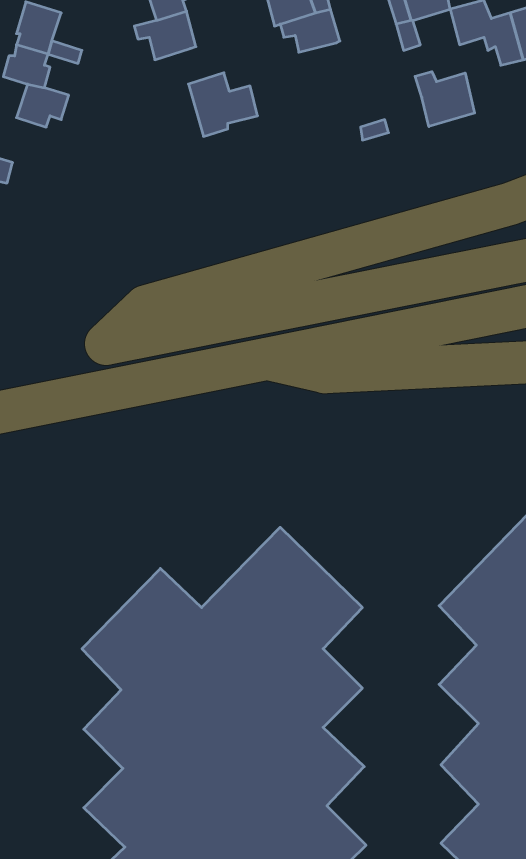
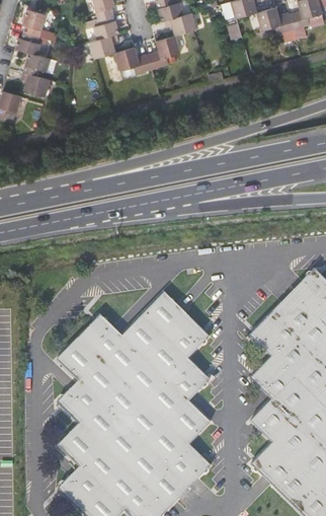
building: none -> [88,32,118,58]
building: none -> [148,34,179,69]
building: [415,72,475,127] -> none
building: none -> [19,70,50,95]

